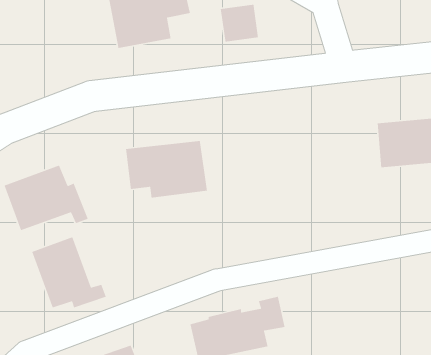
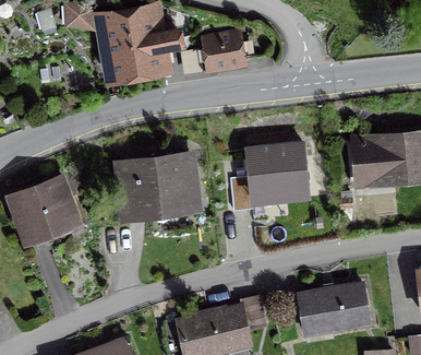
building: none -> [230,142,308,210]
building: [31,236,107,309] -> none
building: none -> [299,283,370,332]

